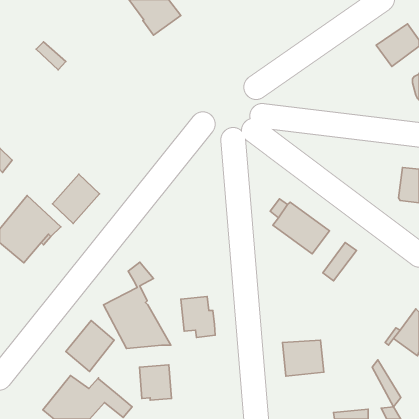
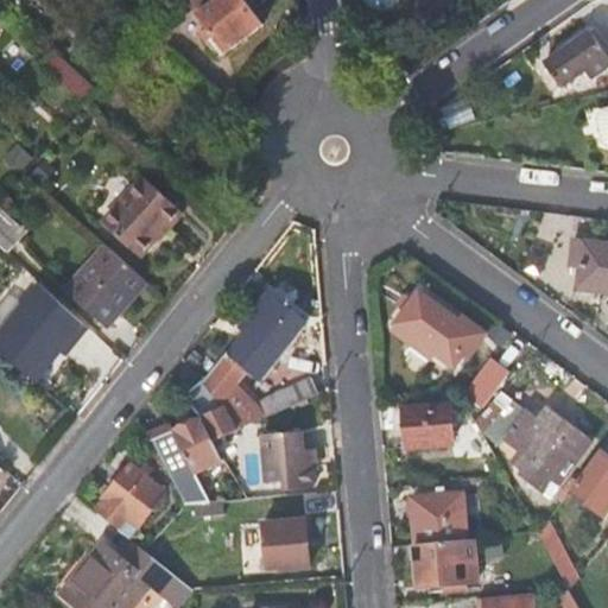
building: none -> [101,175,182,258]
building: none -> [204,291,318,430]
building: none -> [476,392,591,494]
building: none -> [404,405,452,446]
building: [139,365,171,400] -> [261,518,308,569]
building: none -> [413,538,476,585]

